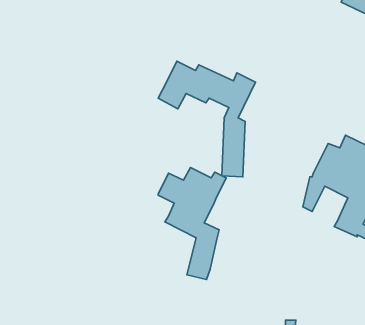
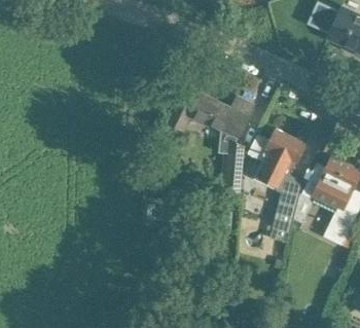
building: [158,167,226,280] -> [247,129,308,228]

